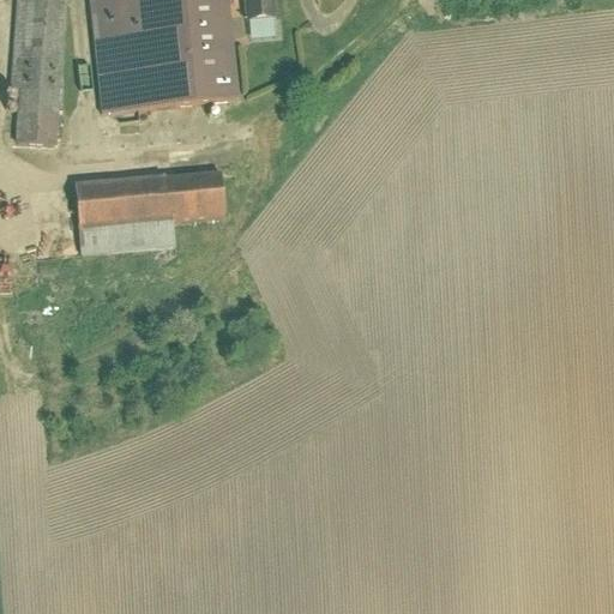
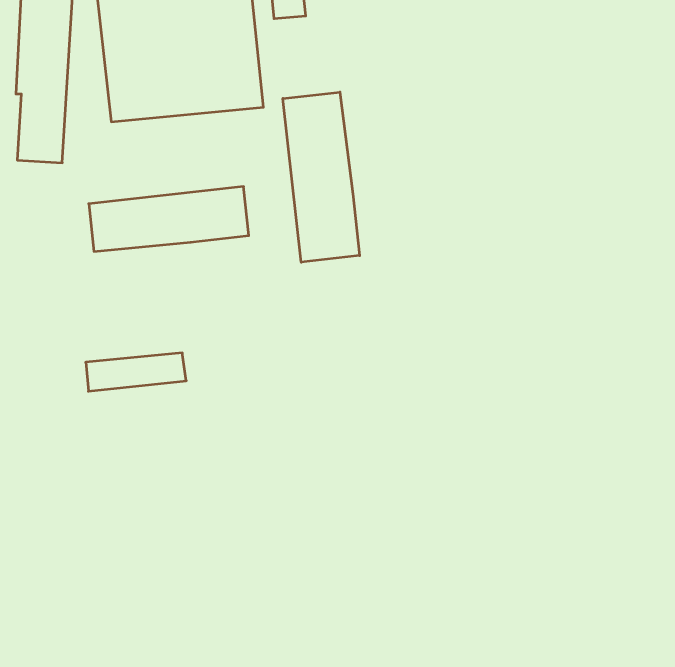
building: none -> [283,92,360,262]
building: [85,219,176,254] -> [86,353,186,391]

